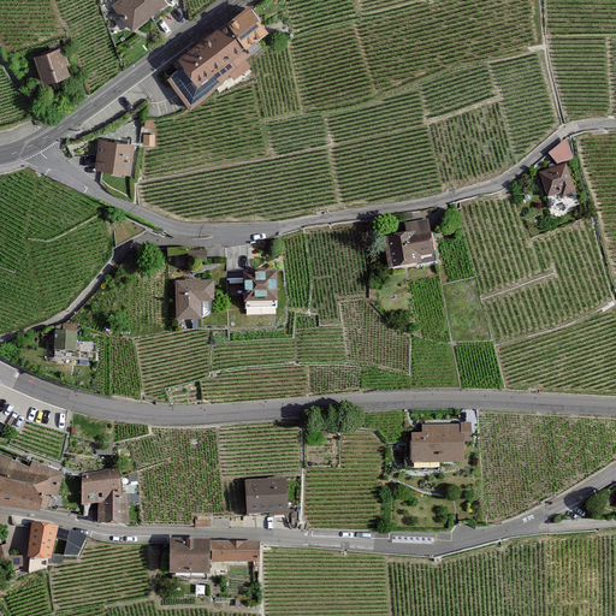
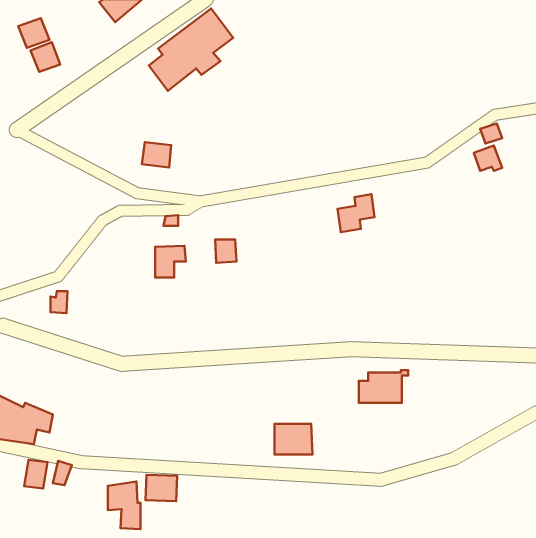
building: none -> [18,18,50,48]
building: [96,140,130,168] -> [142,142,171,167]
building: [84,470,122,525] -> [108,482,141,529]
building: [249,482,292,517] -> [274,424,312,454]
building: [211,543,254,561] -> none

